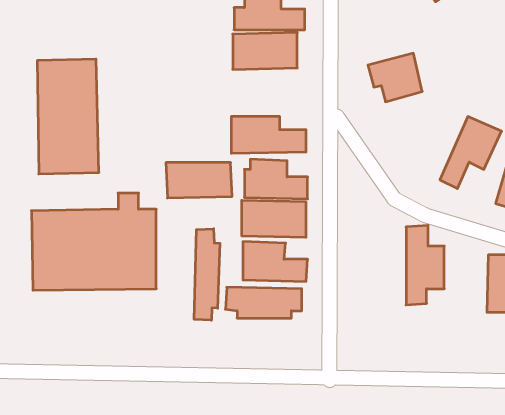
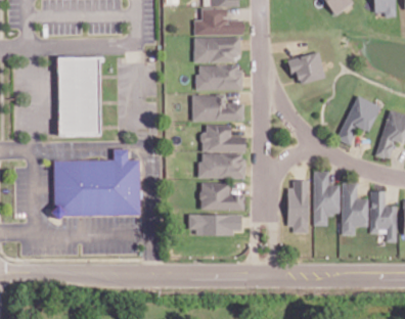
building: [166,163,232,198] -> [196,65,242,90]
building: [194,229,220,320] -> none
building: none -> [288,180,309,233]
building: none -> [342,182,369,235]

